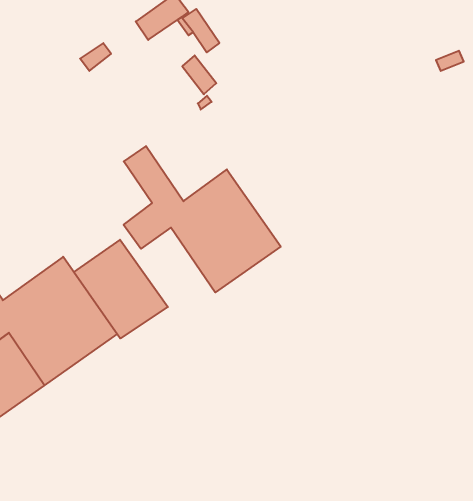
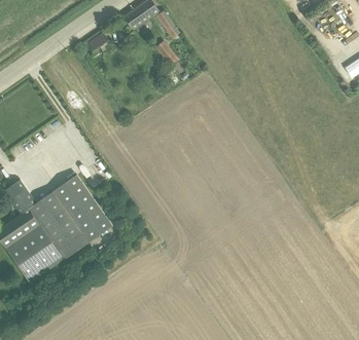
building: [124,146,281,292] -> none
building: [74,240,168,338] -> none

